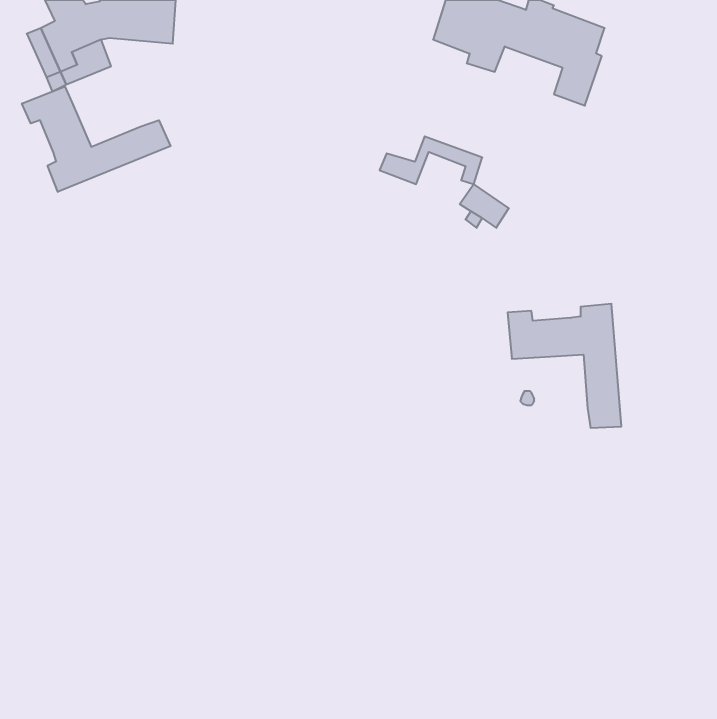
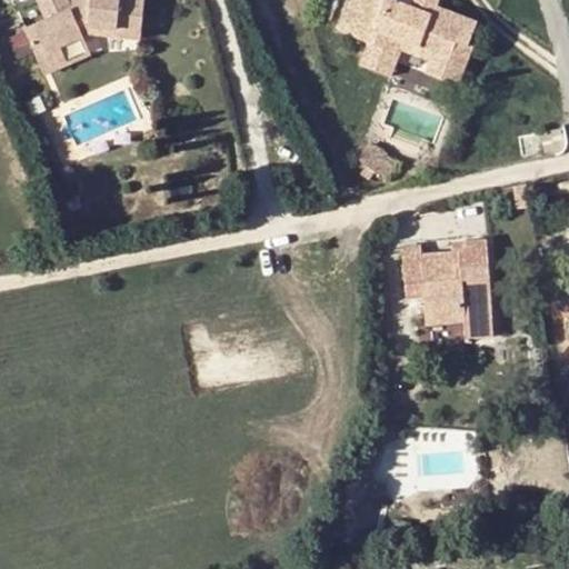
building: [22,86,171,192] -> none
building: [380,136,482,184] -> [363,37,445,74]
building: none -> [422,280,465,326]

